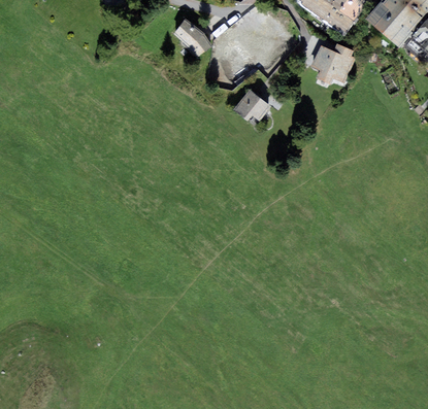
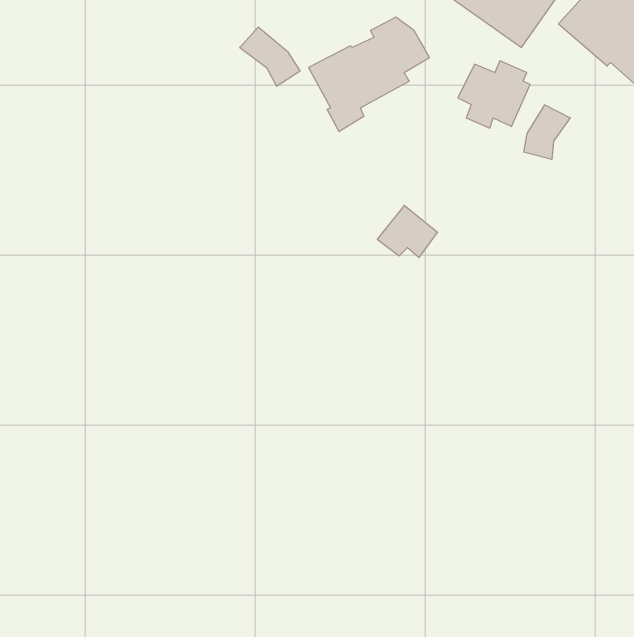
building: none -> [524,105,570,159]
building: [230,87,267,118] -> [377,205,438,258]

